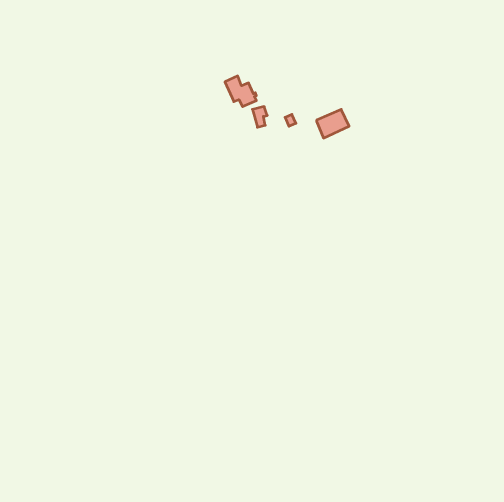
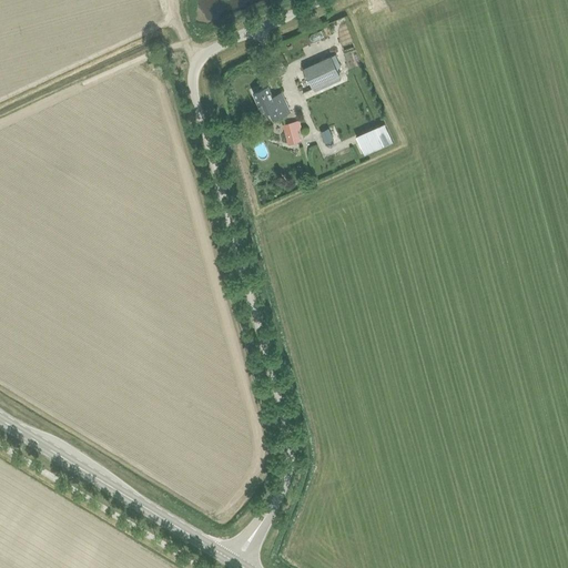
building: none -> [304,58,339,90]

